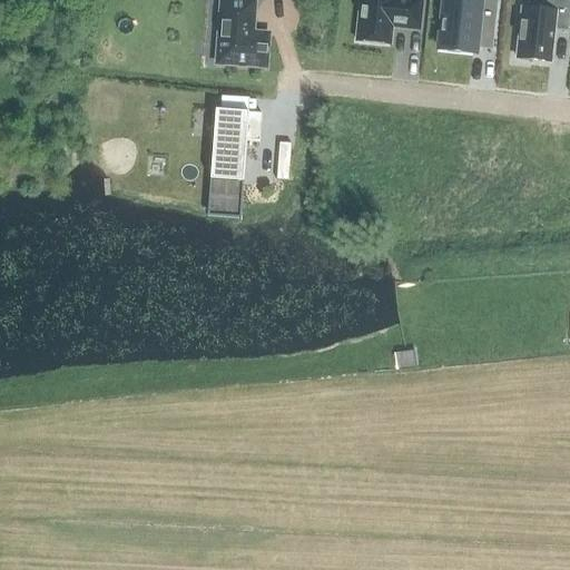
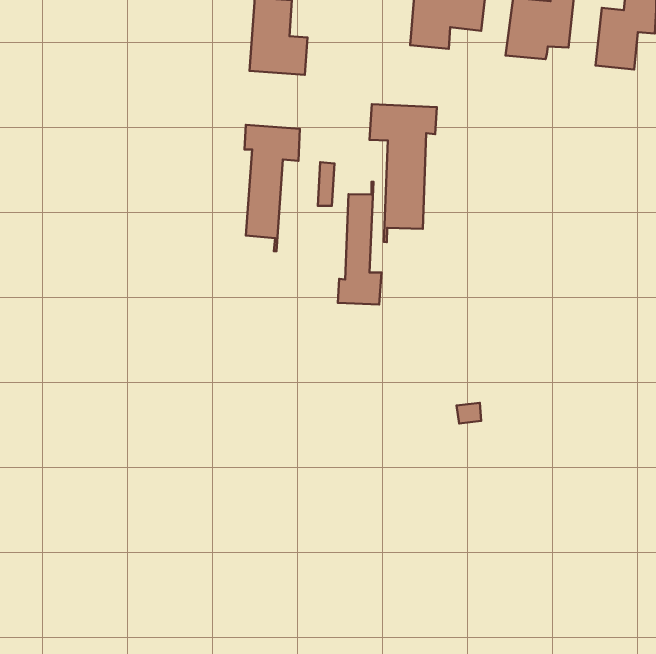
building: none -> [369,104,437,242]
building: none -> [338,182,381,304]

